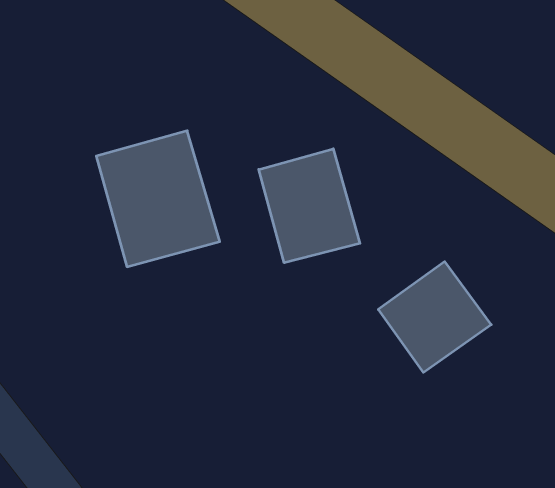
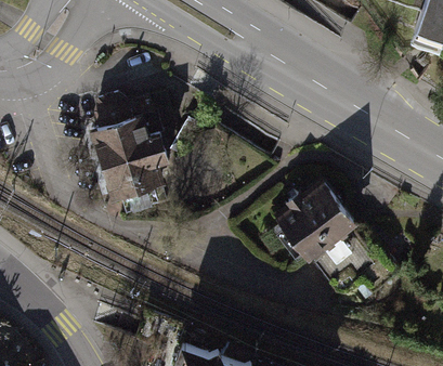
building: [259,149,360,263] -> none

